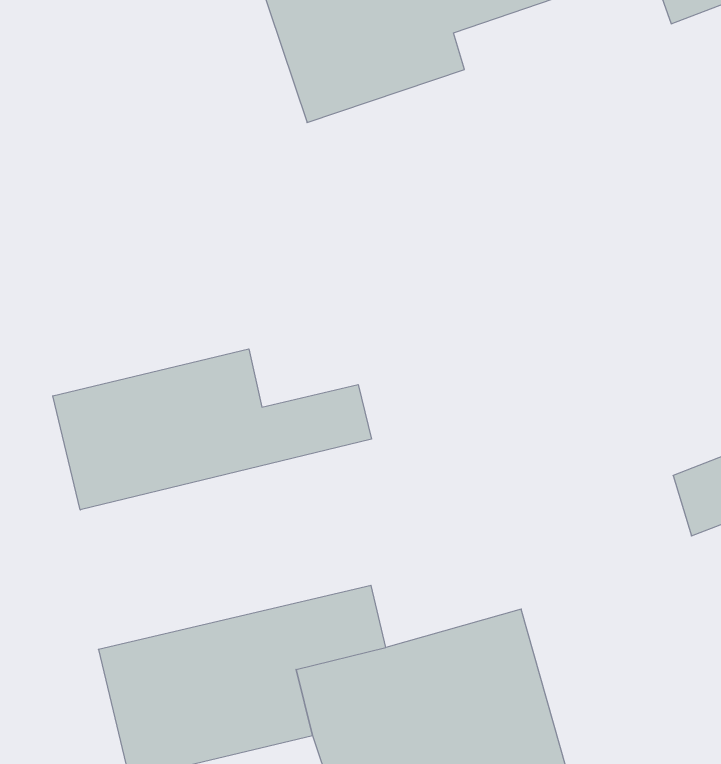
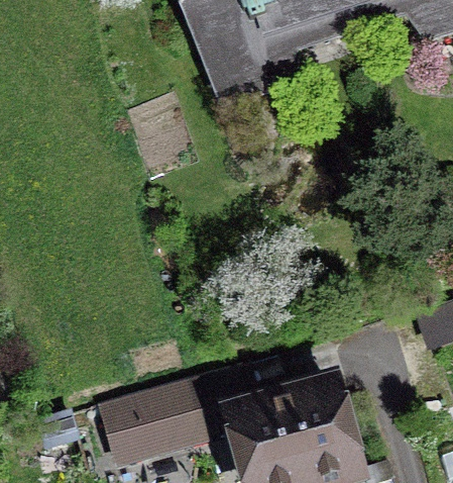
building: [53,349,371,510] -> none

